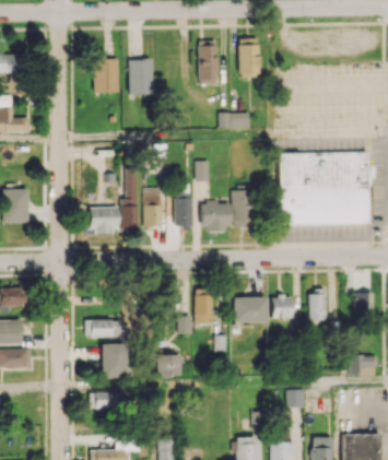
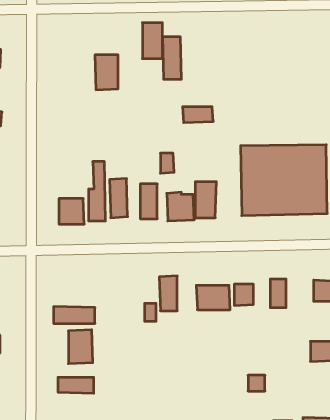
building: [239,38,260,75] -> [142,23,162,59]
building: [94,59,119,93] -> none
building: [158,354,183,376] -> none

